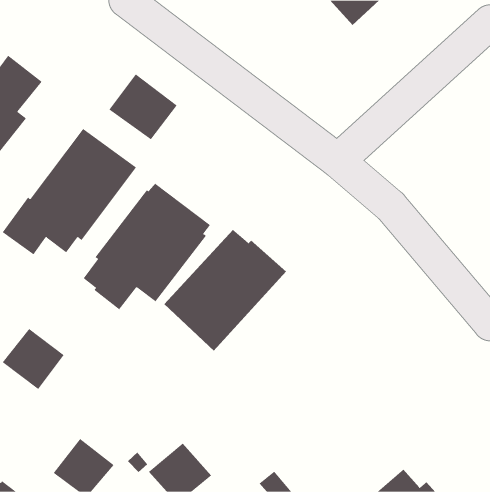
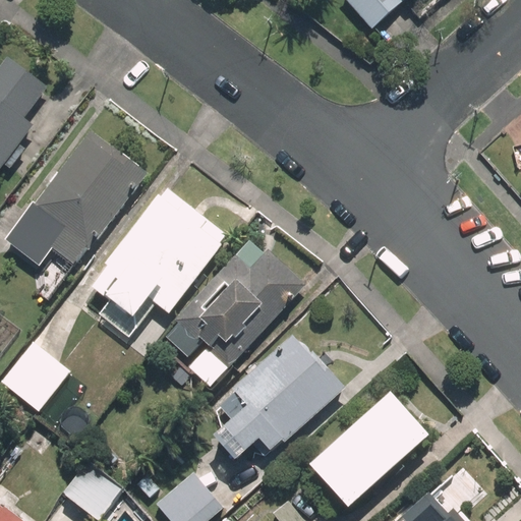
building: [109,73,177,140] -> none
building: none -> [211,333,344,459]
building: none -> [309,391,429,508]

